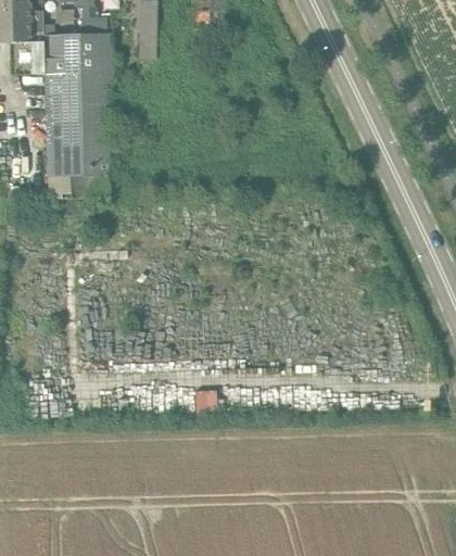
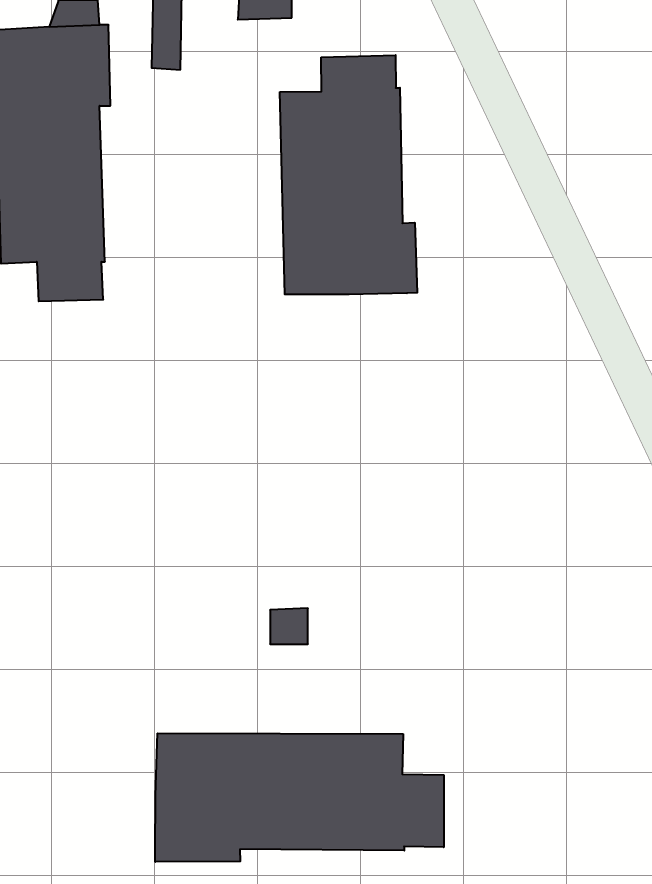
building: none -> [280,55,417,294]
building: none -> [155,733,444,862]

